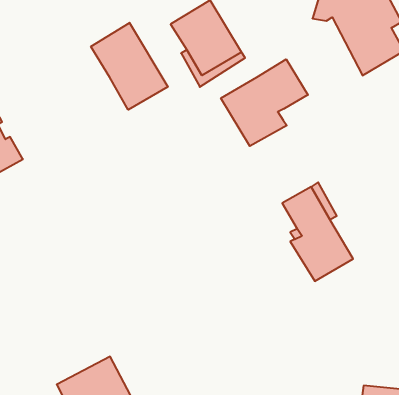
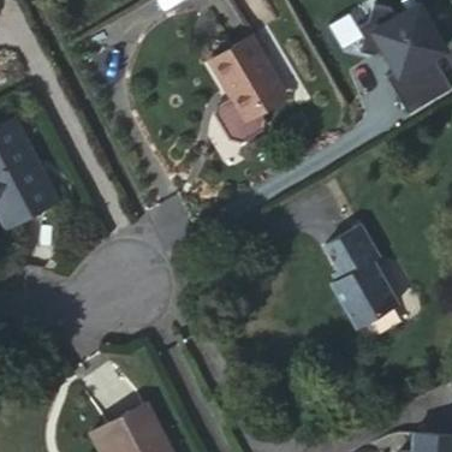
building: [91,23,168,110] -> none
building: [221,59,308,146] -> none

